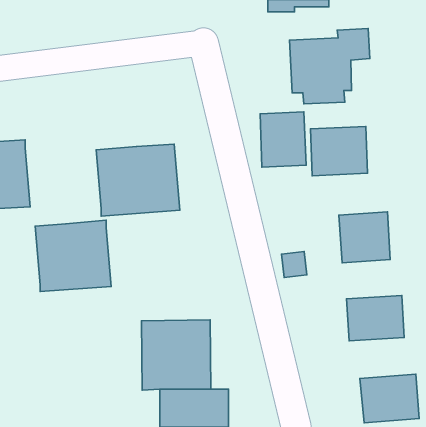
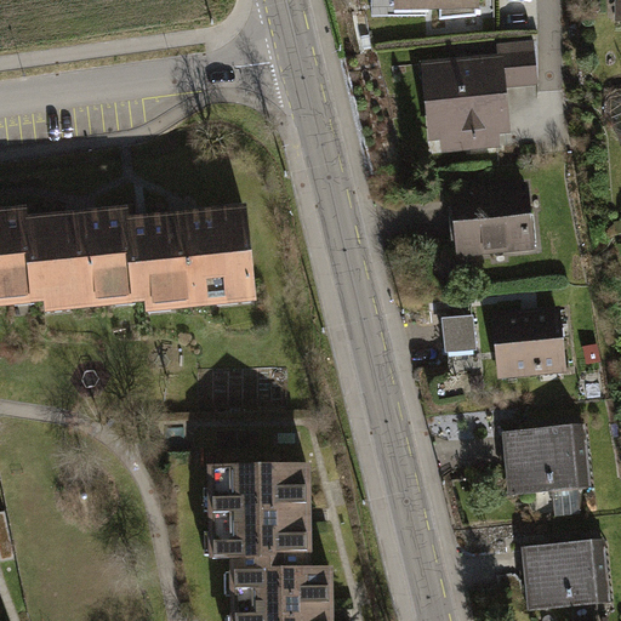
building: [260,112,306,167] -> none
building: [35,220,111,291] -> [36,206,147,309]
building: [282,252,307,277] -> [441,313,478,351]

